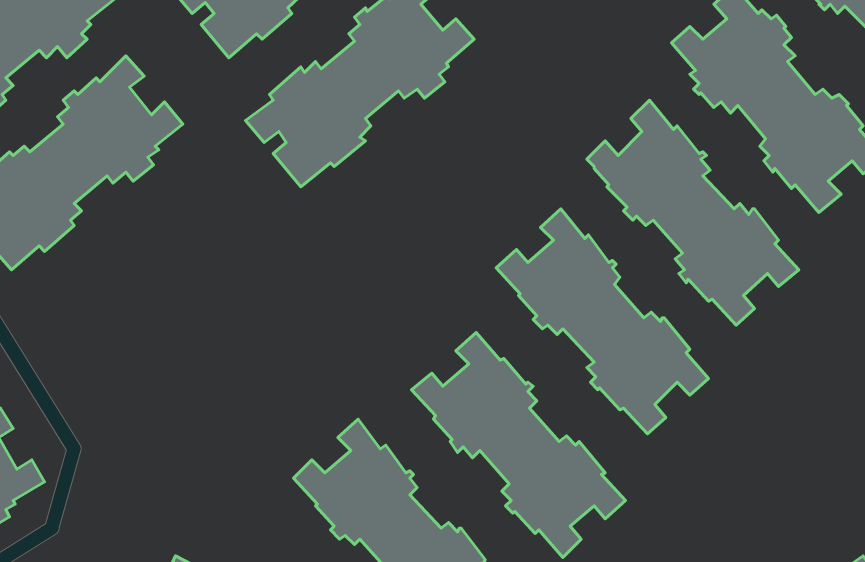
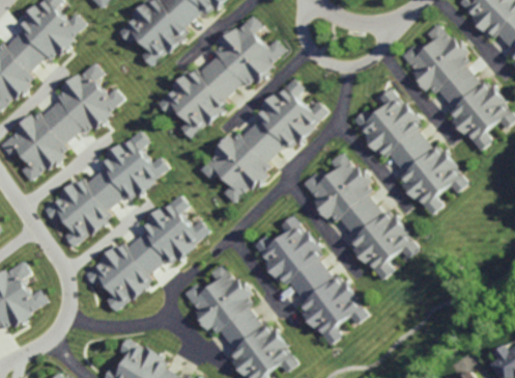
building: none -> [201,78,328,198]
building: none -> [40,127,168,247]
building: none -> [82,191,210,312]

